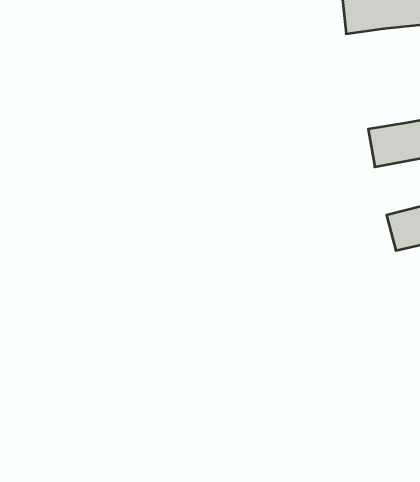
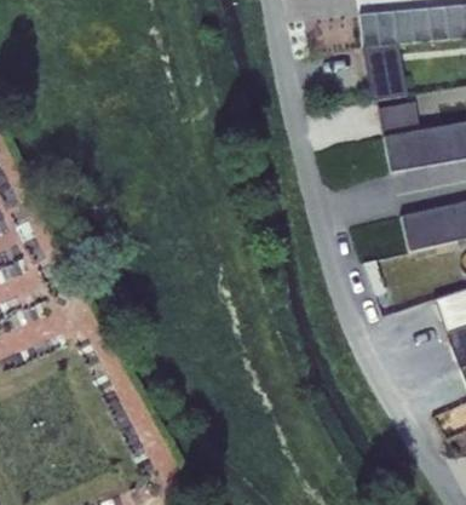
building: none -> [366,42,409,97]
building: none -> [381,101,424,136]

